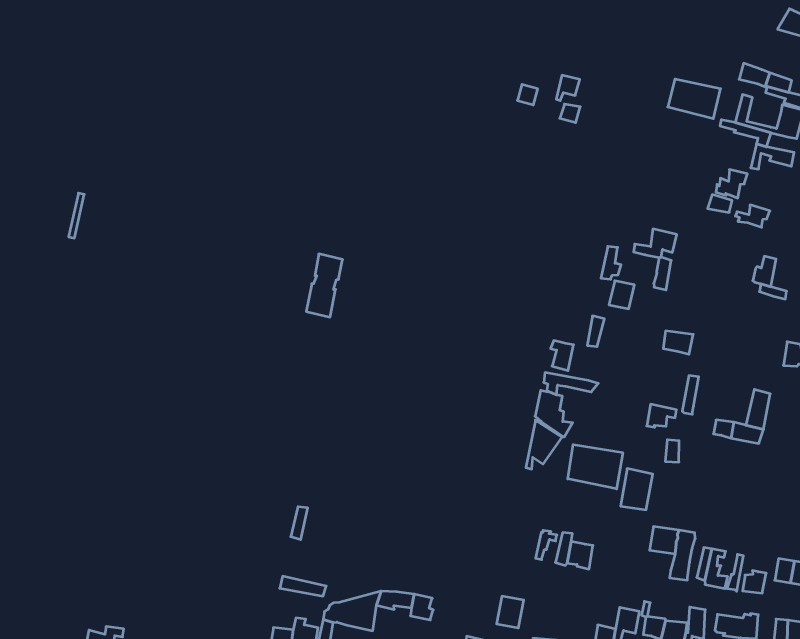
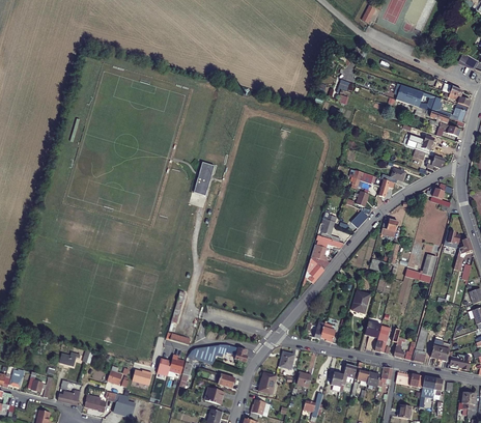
building: [568,445,623,489] -> none

